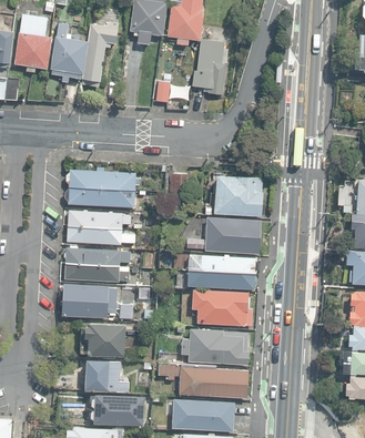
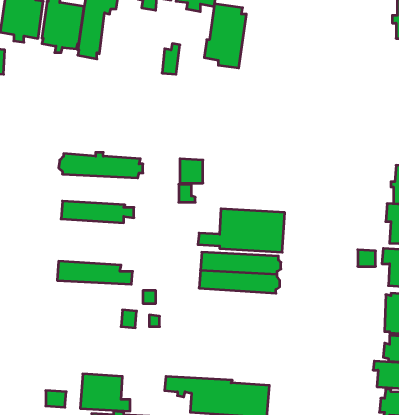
building: [214,175,263,217] -> none
building: [64,187,134,208] -> none
building: [68,226,135,245] -> none
building: [65,247,131,266] -> none
building: [62,284,118,318] -> none
building: [192,291,253,326] -> none
building: [84,323,125,358] -> none
building: [182,329,249,365] -> none

